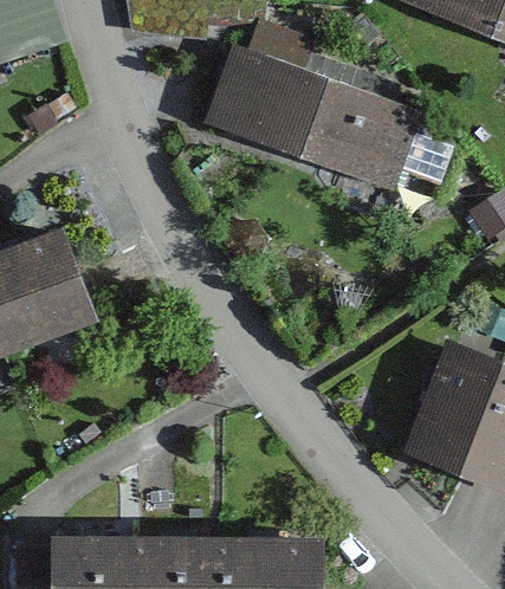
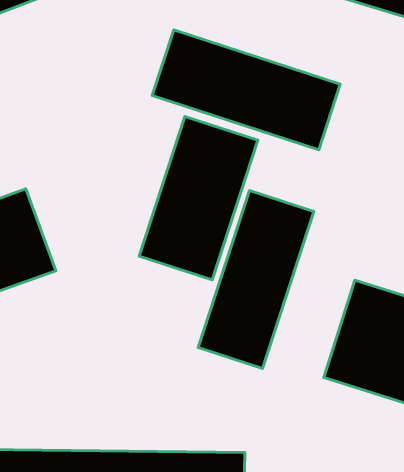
building: none -> [139,116,258,280]
building: none -> [198,191,314,368]

